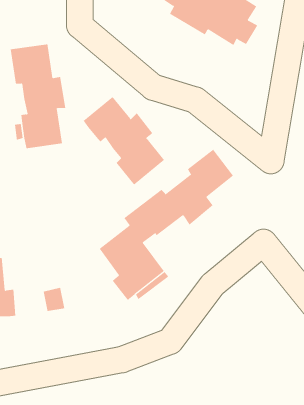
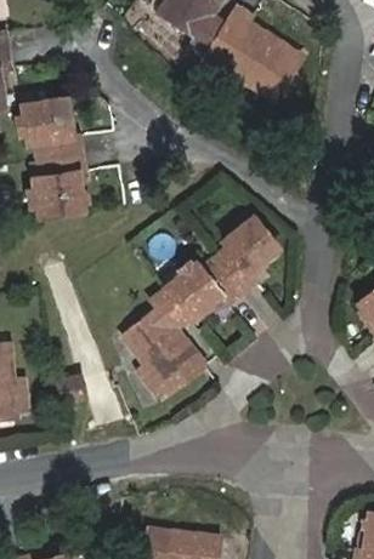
building: [83,96,165,185] -> none

